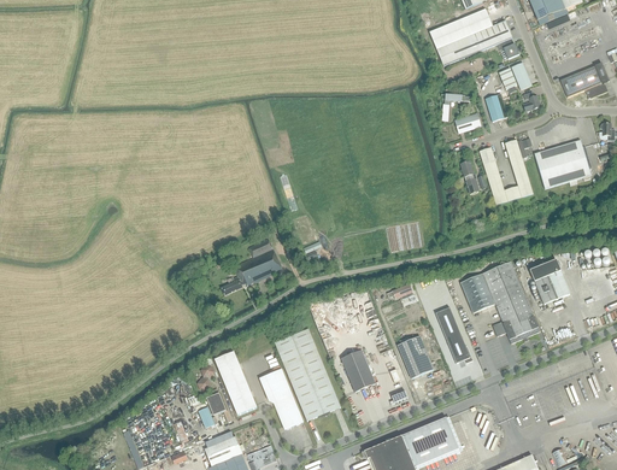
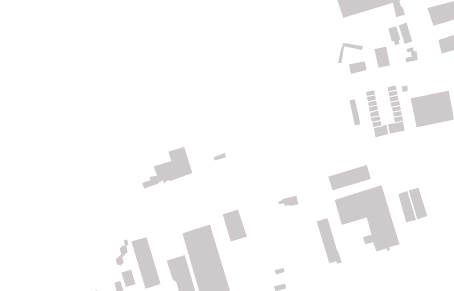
building: none -> [327,164,371,191]
building: [398,335,434,377] -> none
building: [341,349,375,390] -> [222,209,248,242]

